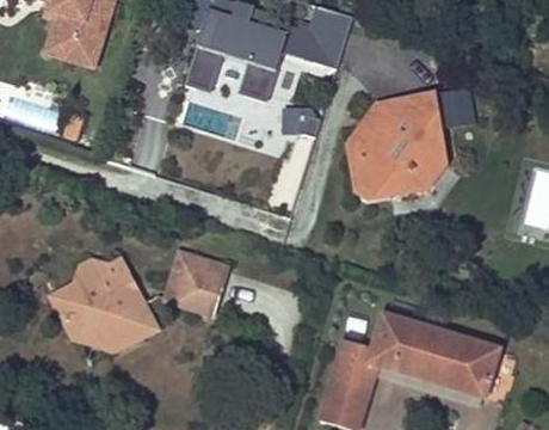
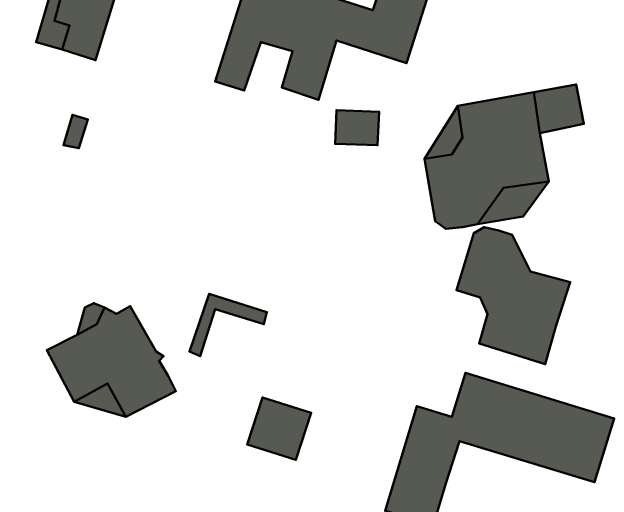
building: none -> [456,227,570,364]
building: [174,263,224,312] -> [247,398,311,460]

